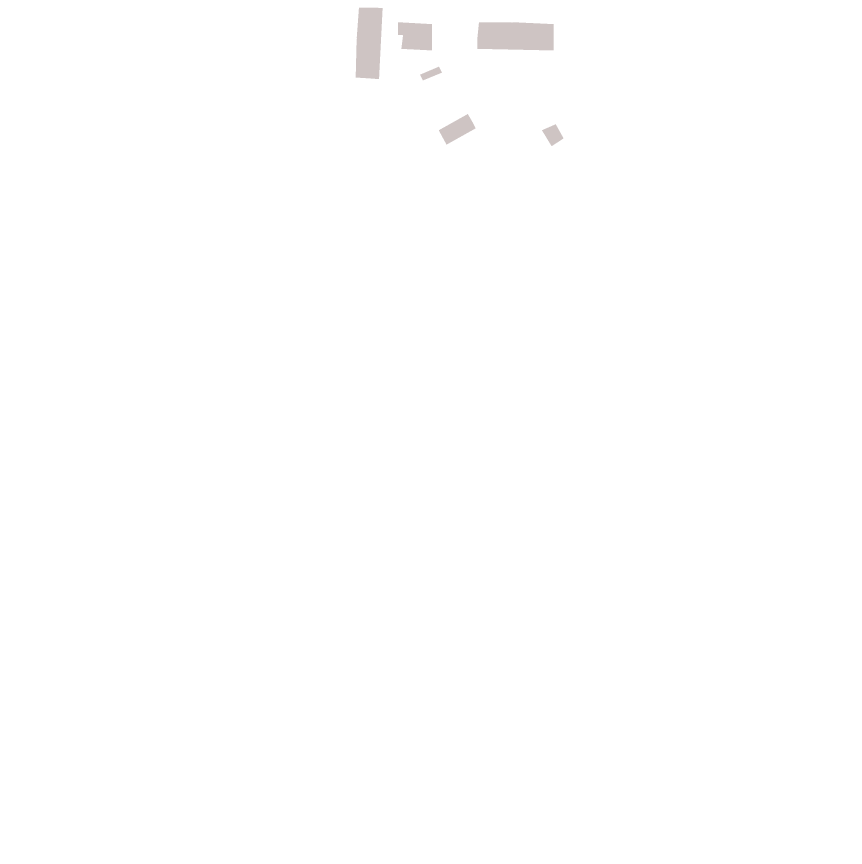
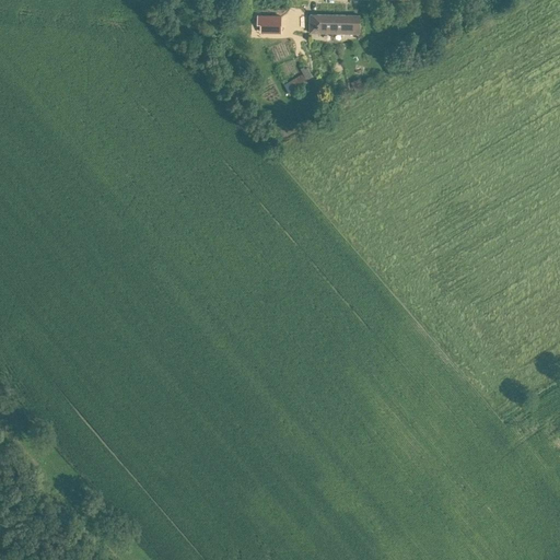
building: [355,7,383,80] -> none

